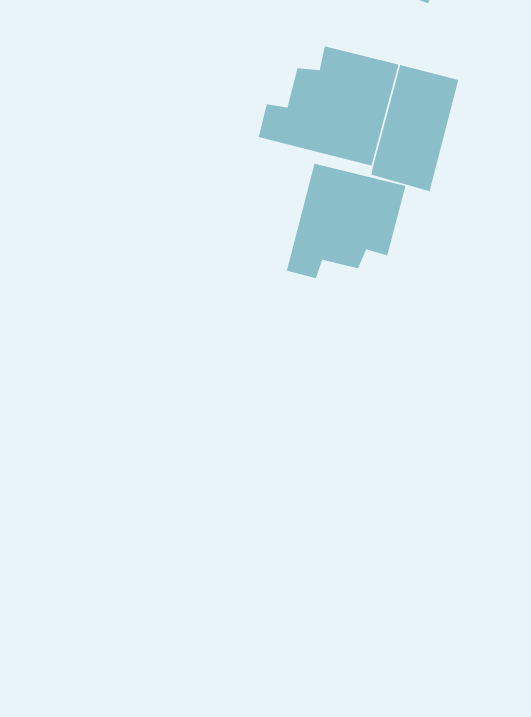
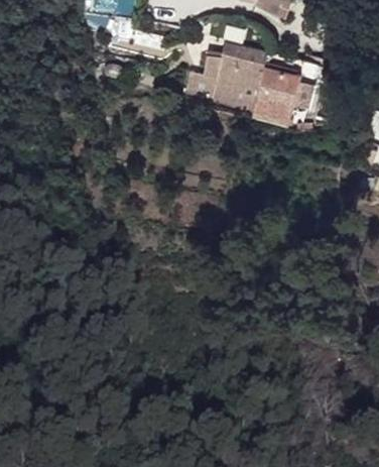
building: [286,163,407,279] -> none

